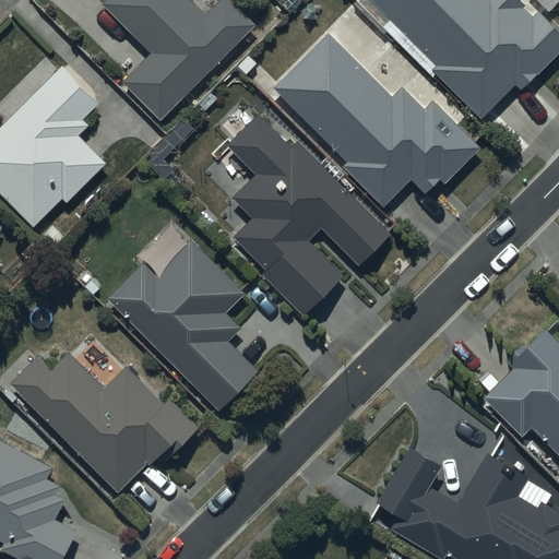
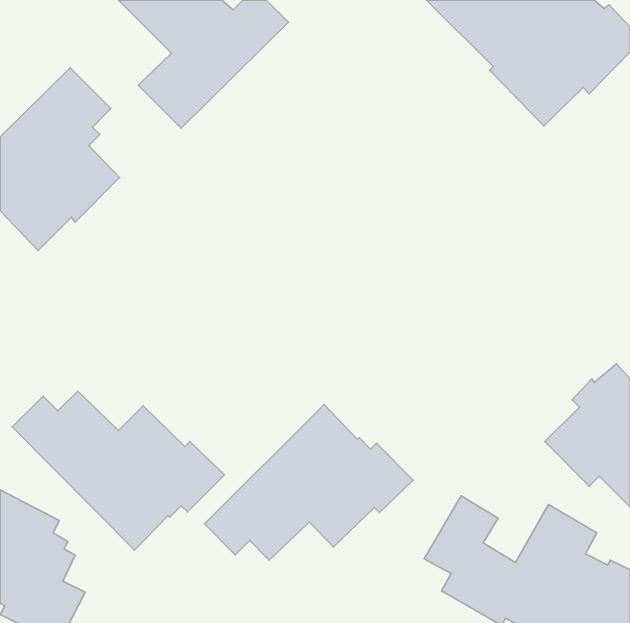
building: [274,35,479,206] -> none
building: [228,115,390,316] -> none
building: [107,240,258,411] -> none
building: none -> [205,404,413,560]

